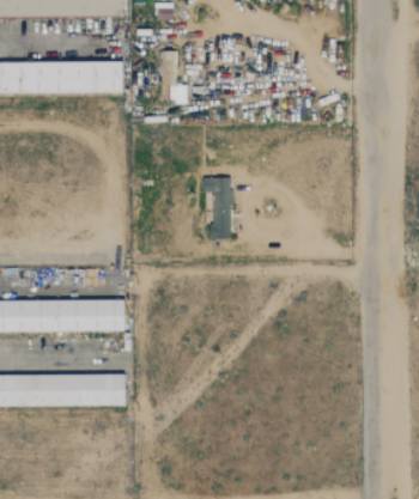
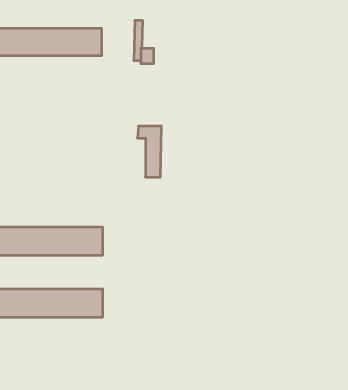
building: [202,178,231,239] -> [137,126,161,177]

